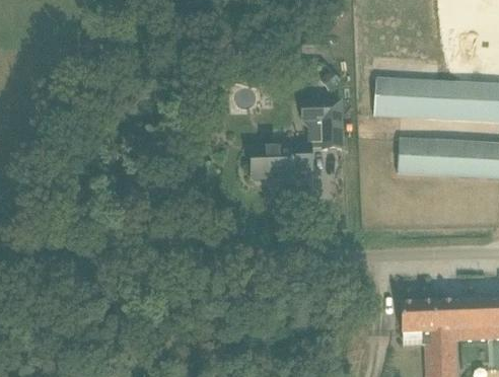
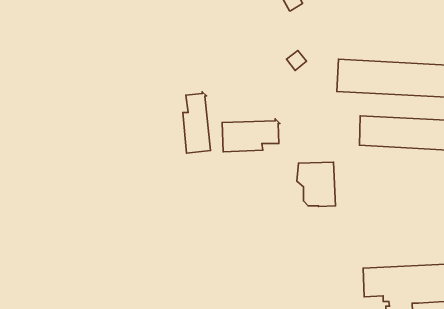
building: [301,101,343,149] -> [297,162,336,207]
building: none -> [183,92,210,153]

